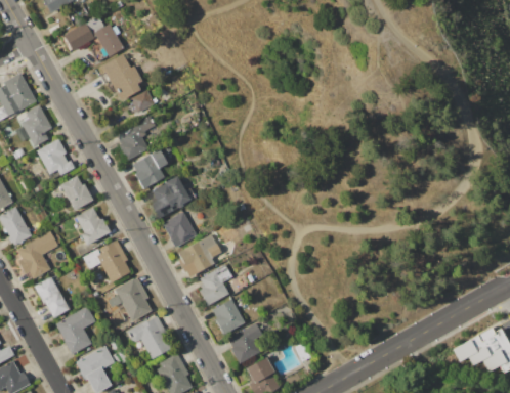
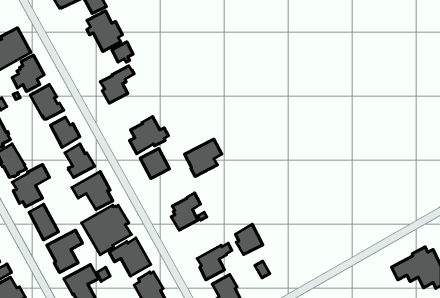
building: [133,148,168,189] -> none
building: [178,234,221,277] -> [184,139,222,176]
building: [213,299,245,334] -> [235,224,263,254]

